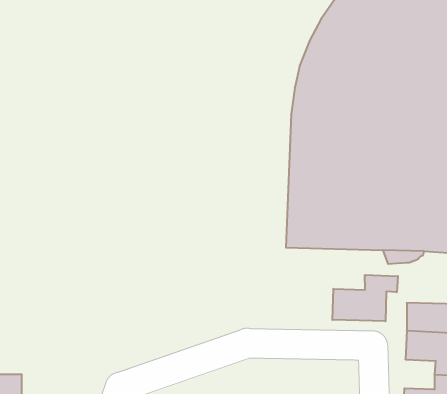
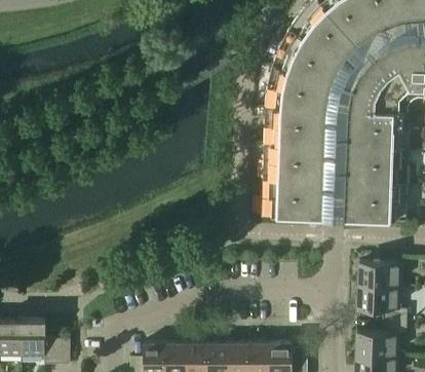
building: [332,275,398,321] -> none

